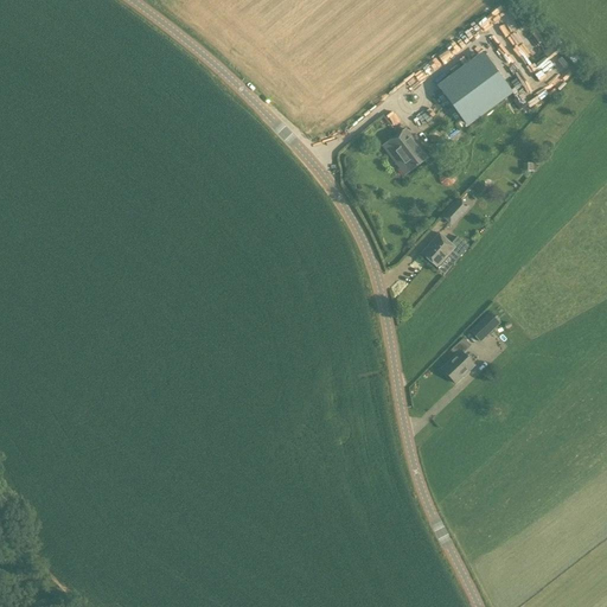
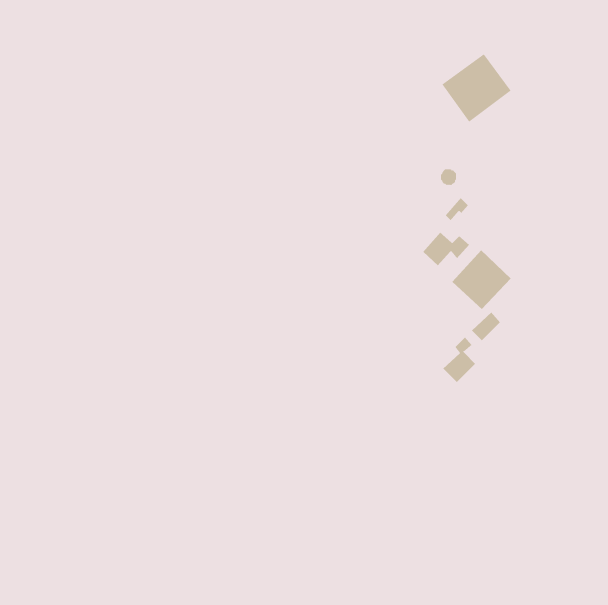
building: [382,127,427,173] -> none
building: none -> [451,249,512,310]

